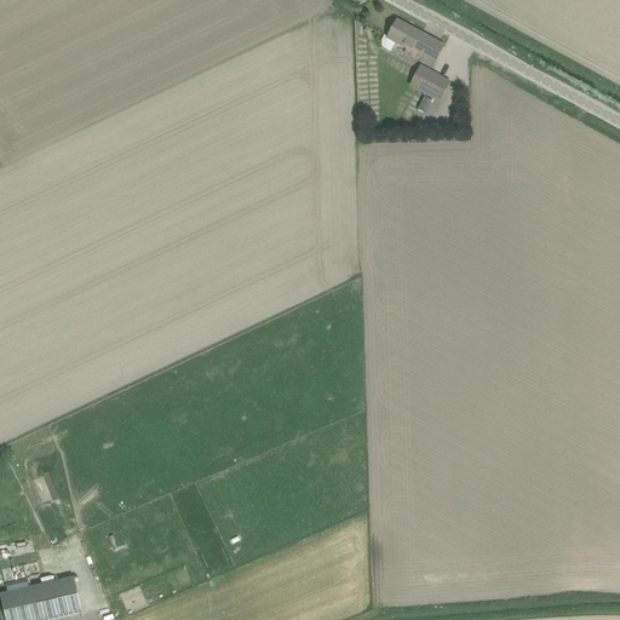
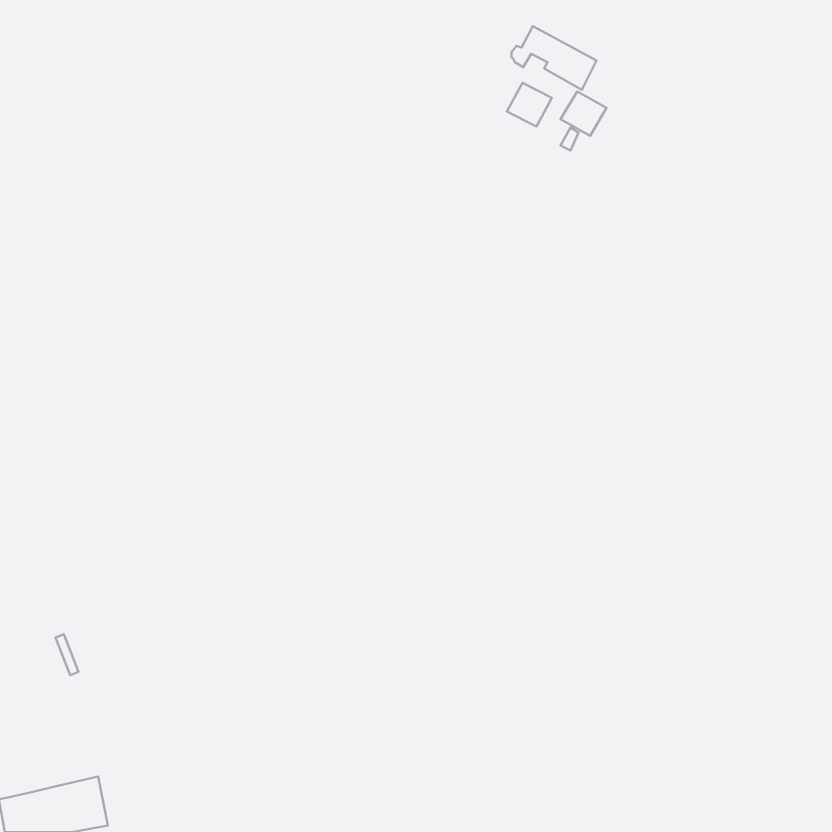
building: none -> [507,83,552,127]

